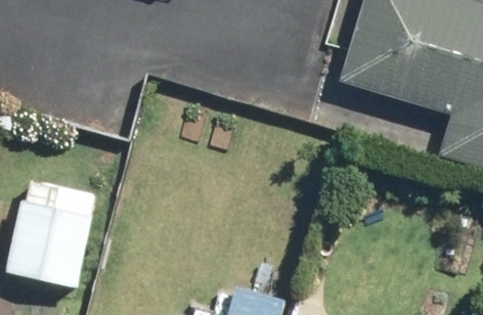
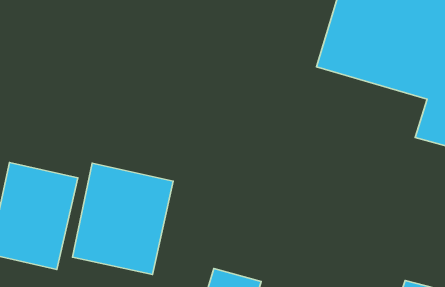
building: none -> [72,163,173,275]

